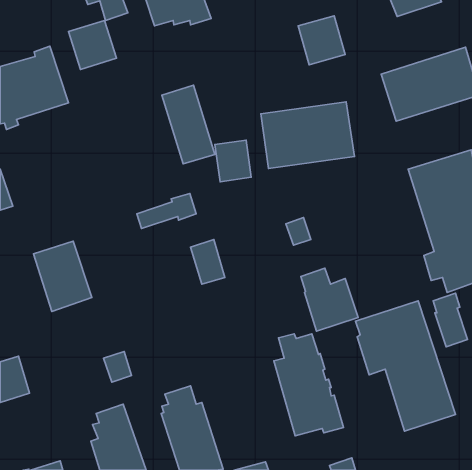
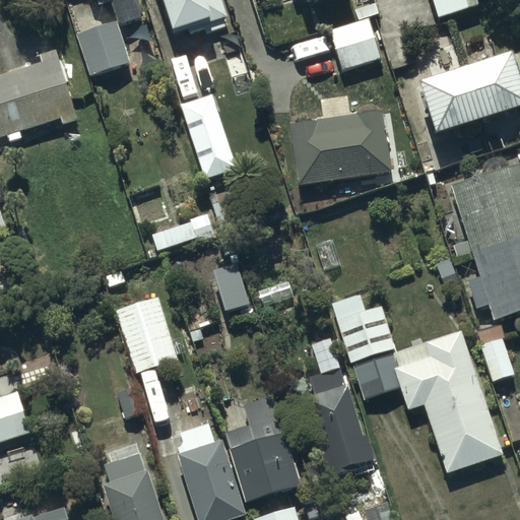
building: [215,140,251,182] -> none
building: [33,241,92,311] -> [118,298,182,375]
building: none -> [224,398,299,503]

